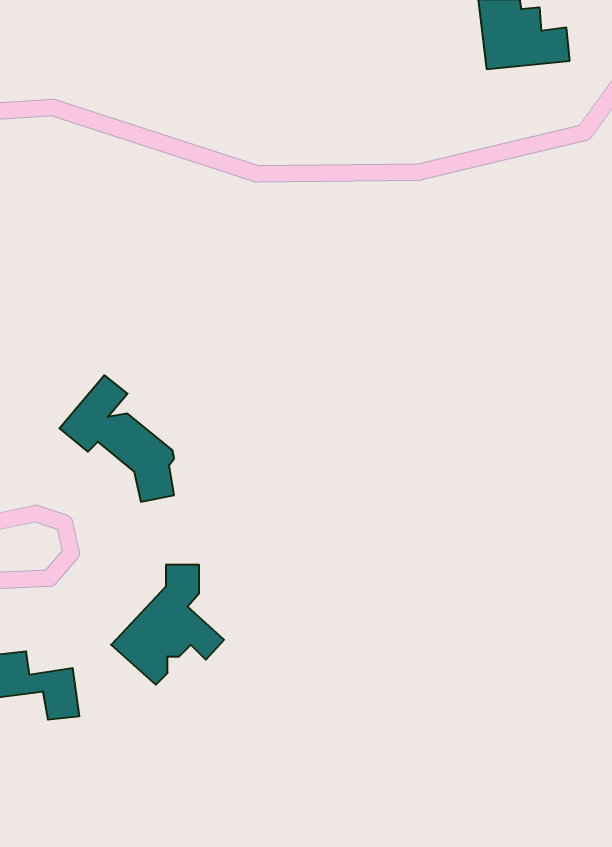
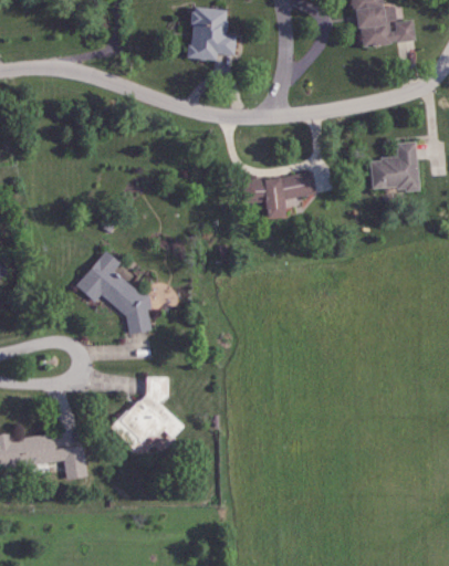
building: none -> [188,7,237,61]
building: none -> [370,142,419,191]
building: none -> [242,176,315,218]

